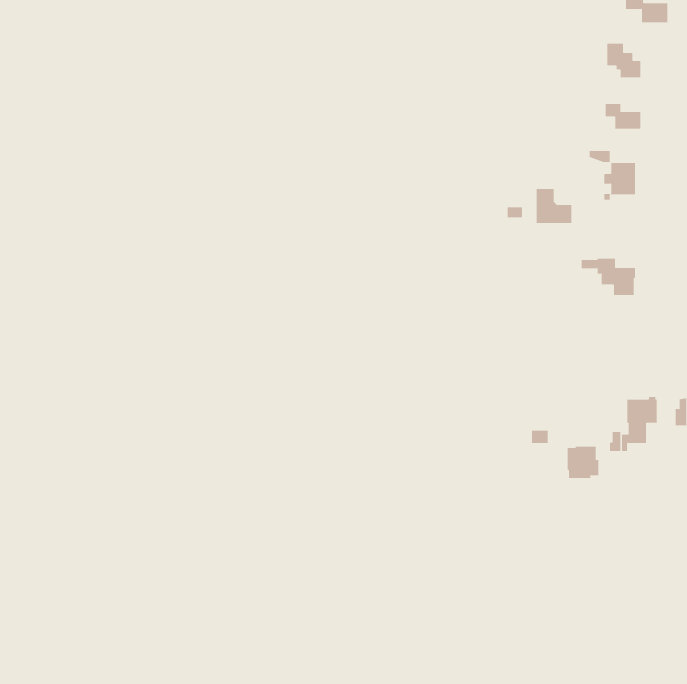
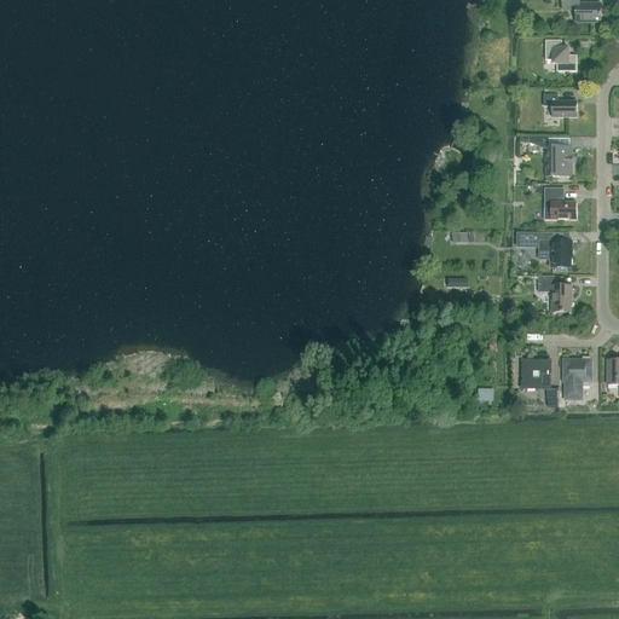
building: [536,188,572,223] -> [544,187,577,219]
building: none -> [538,274,572,312]
building: [567,446,599,478] -> [522,359,551,388]

